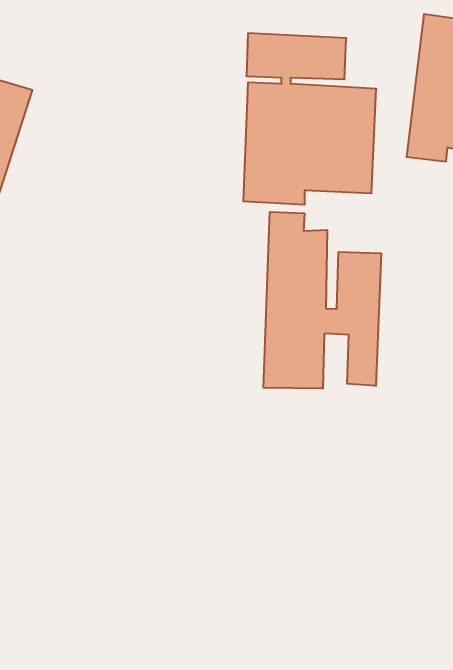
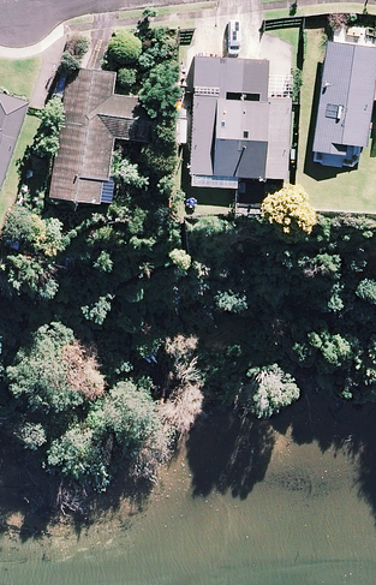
building: none -> [50,65,154,204]
building: [263,212,381,389] -> none

